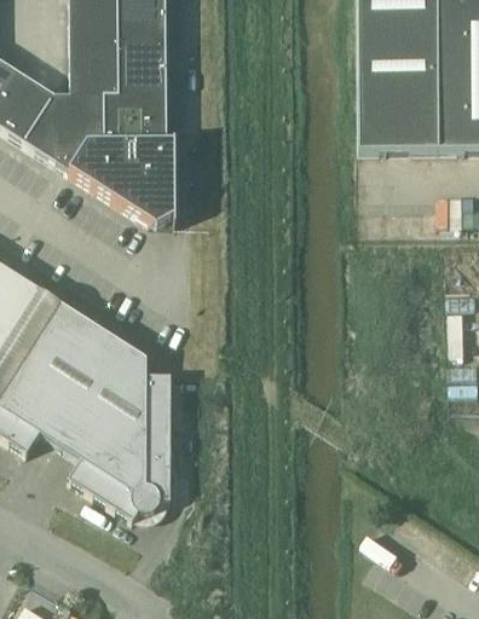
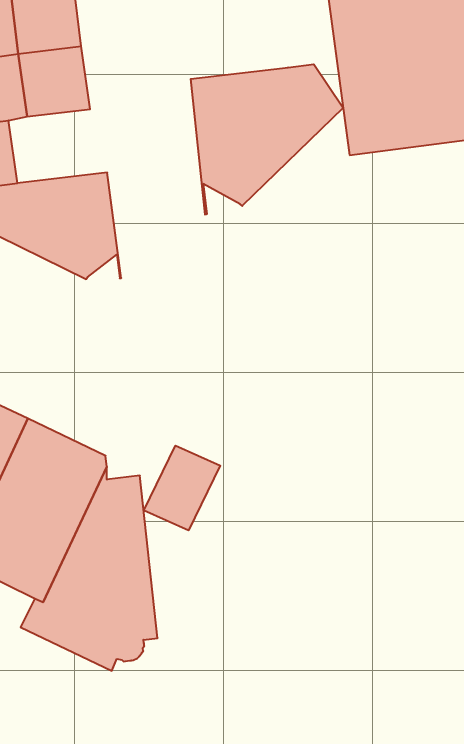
building: none -> [191,64,343,215]
building: [102,91,172,140] -> none
building: none -> [144,446,220,530]

